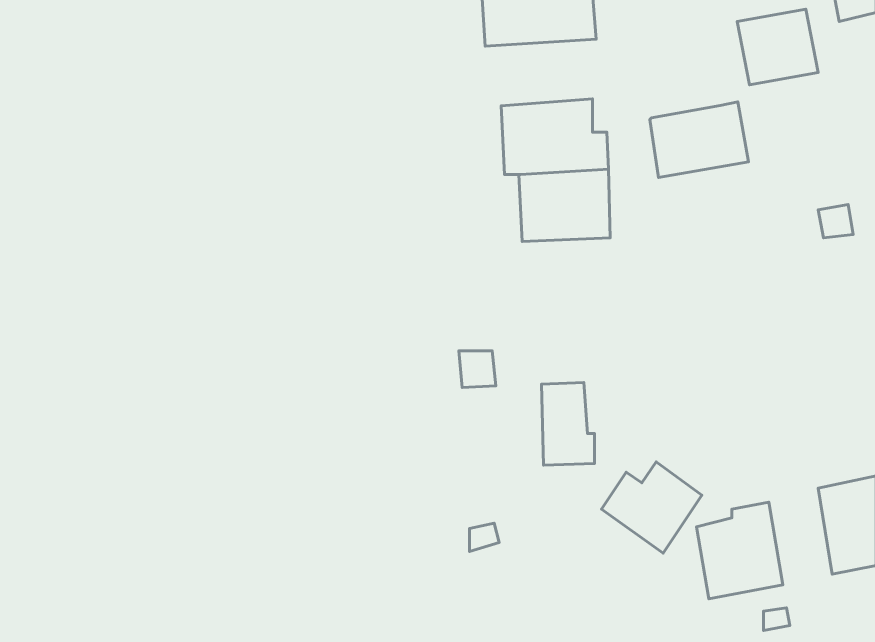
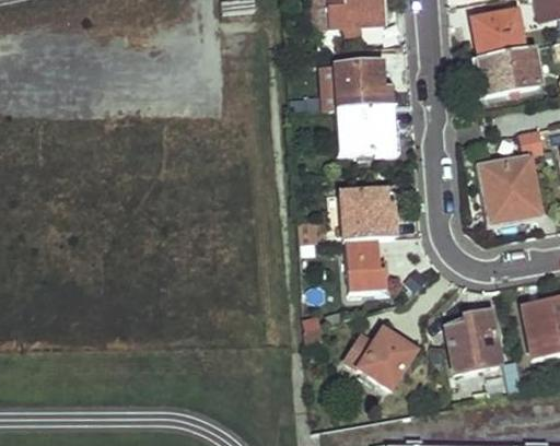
building: [650,102,748,178] -> [478,44,539,91]
building: none -> [482,157,539,216]
building: none -> [346,190,396,239]
building: [601,462,702,553] -> [351,329,413,386]

